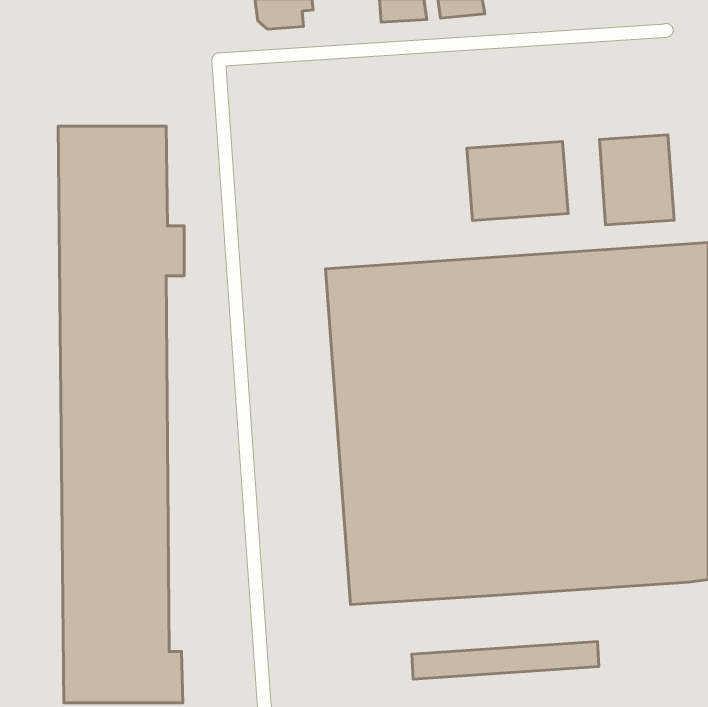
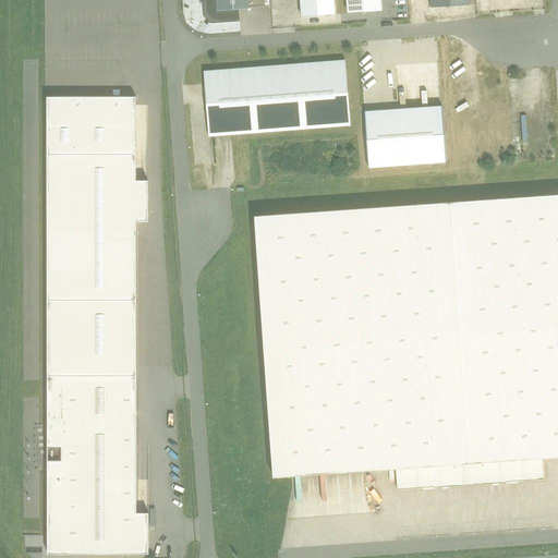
building: none -> [205,59,348,137]
building: [599,135,674,225] -> none
building: [412,642,599,679] -> [396,458,543,487]

